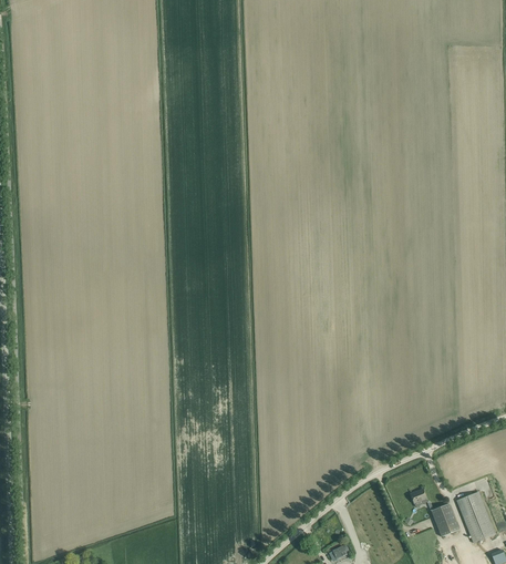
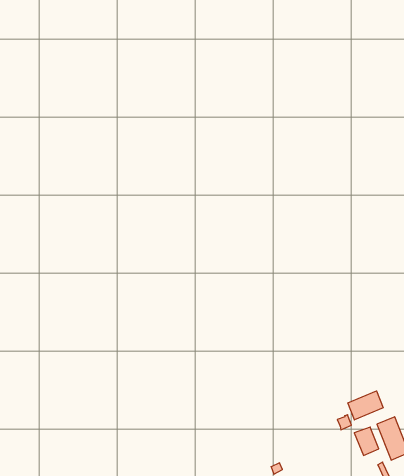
building: none -> [348,391,383,420]

